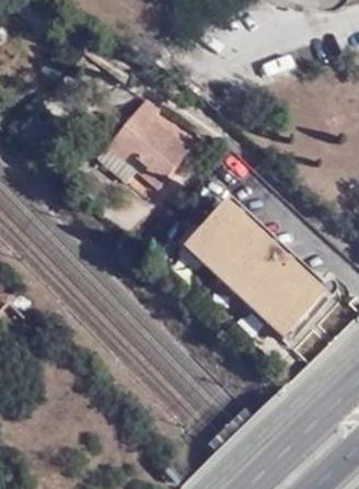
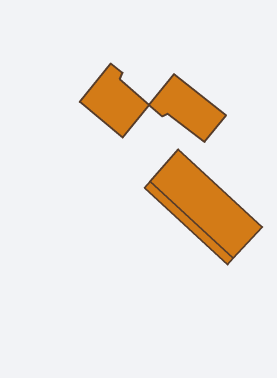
building: none -> [149,74,226,142]

